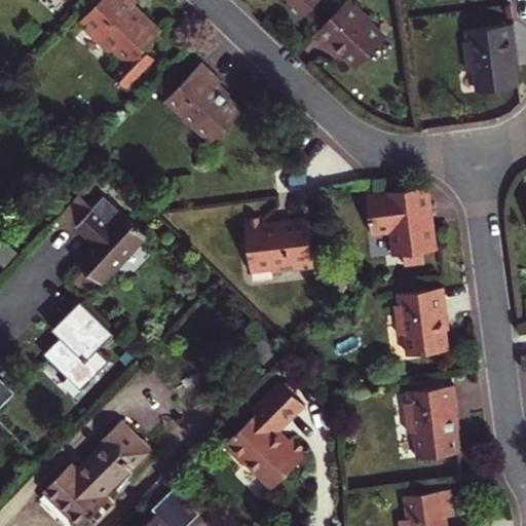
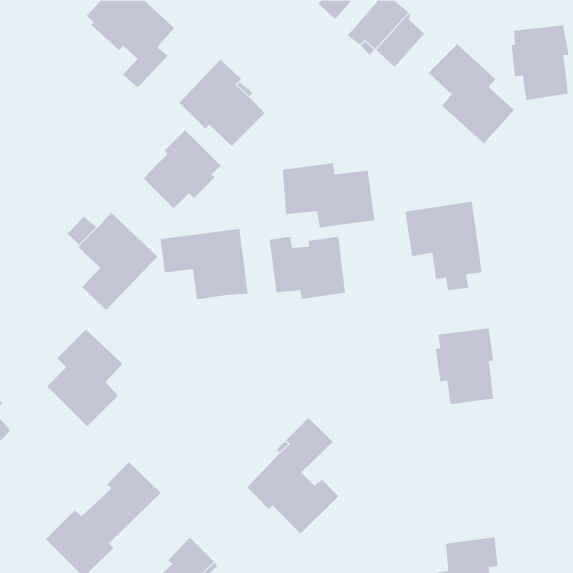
building: none -> [428,44,515,144]
building: none -> [143,130,221,209]
building: none -> [282,163,375,228]
building: none -> [160,228,248,300]
building: [402,386,458,460] -> none

